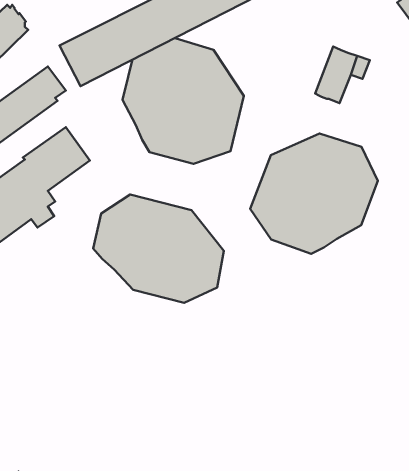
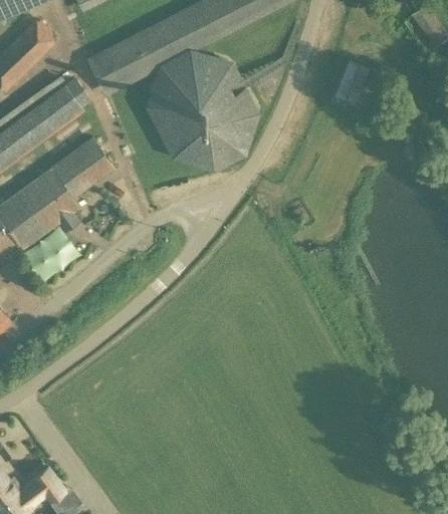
building: [250,134,378,254] -> none
building: [93,195,224,303] -> none

